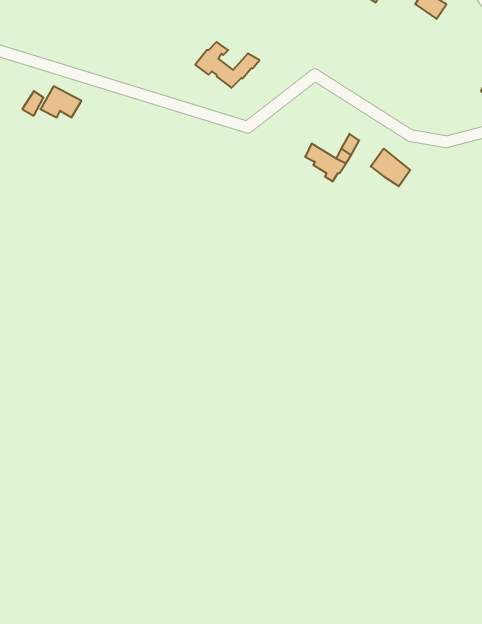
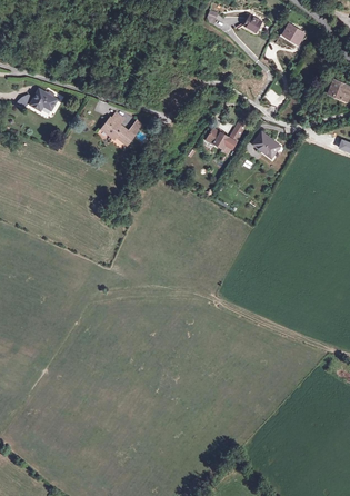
building: [195,42,259,88] -> [101,112,144,143]

